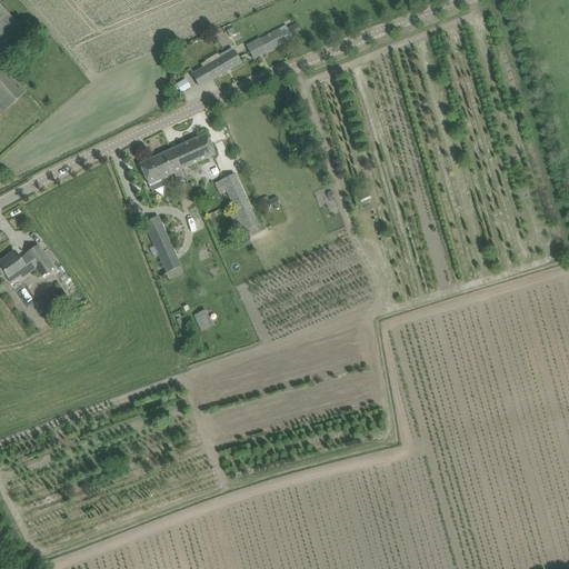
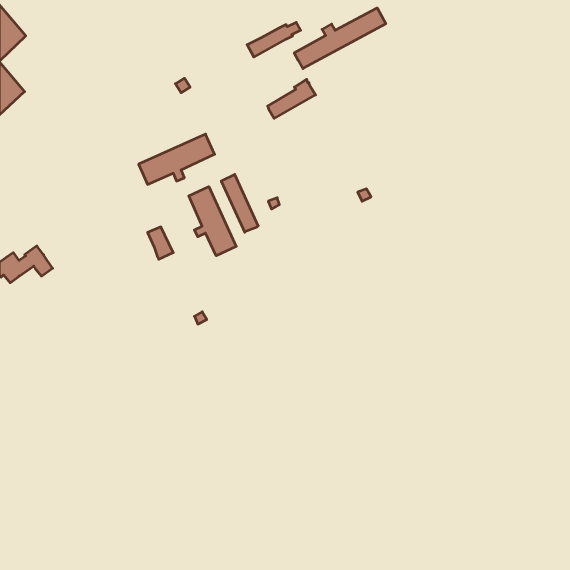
building: none -> [294,8,386,69]
building: [191,47,239,86] -> [268,79,316,118]
building: none -> [189,187,236,256]

